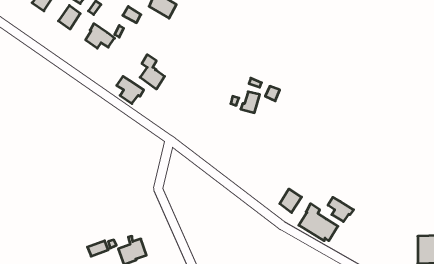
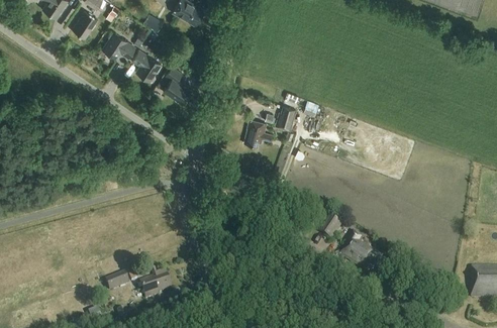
building: [117,76,144,104] -> [131,48,162,79]
building: none -> [243,117,272,144]
building: [328,197,354,222] -> none

